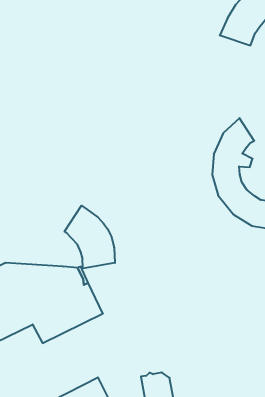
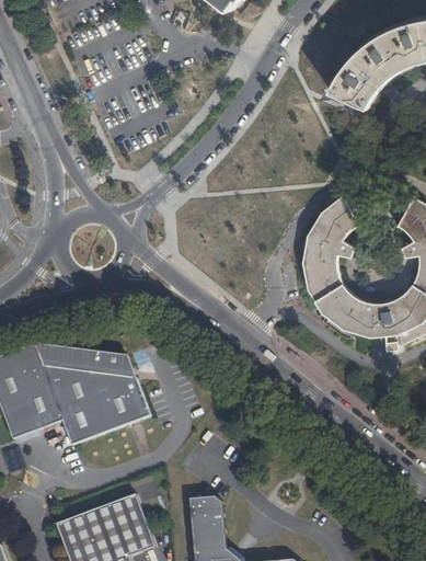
building: [65,206,115,268] -> none

